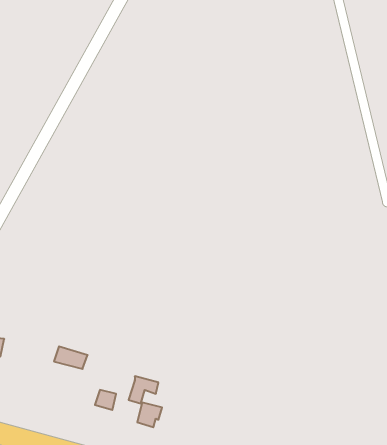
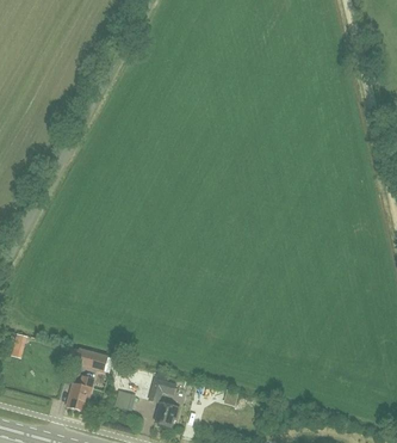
building: none -> [66,371,93,407]

